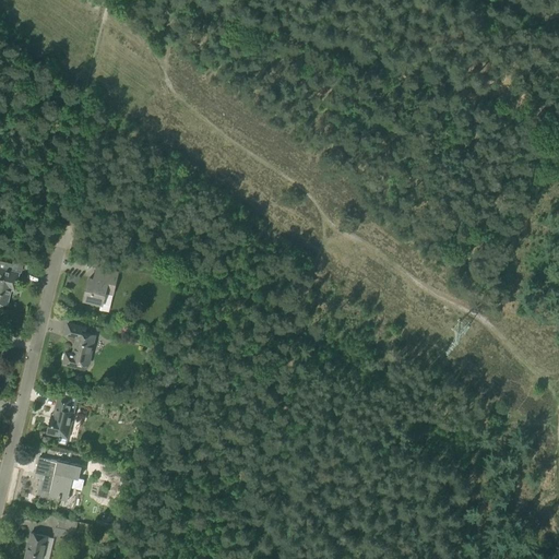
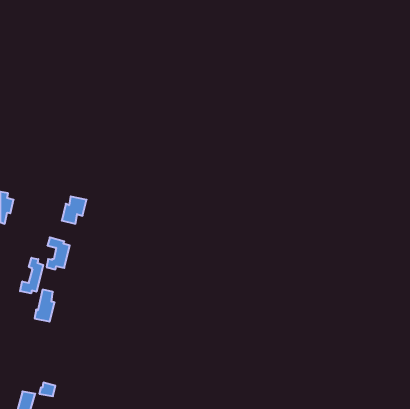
building: none -> [20,258,43,293]
building: [35,459,82,502] -> none

